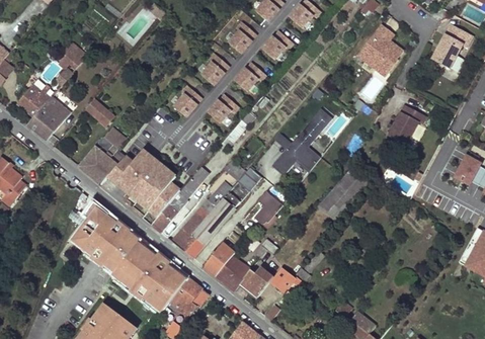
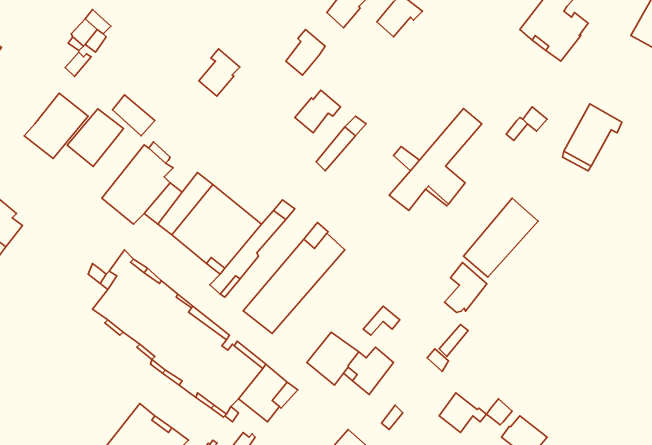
building: [235,63,265,91] -> none
building: [17,79,55,117] -> [67,109,124,167]
building: [174,86,201,117] -> [199,49,240,96]
building: [224,159,261,190] -> none
building: [253,190,281,224] -> [444,262,487,313]
building: [204,242,235,276] -> none
building: [270,267,302,293] -> [439,393,486,432]

